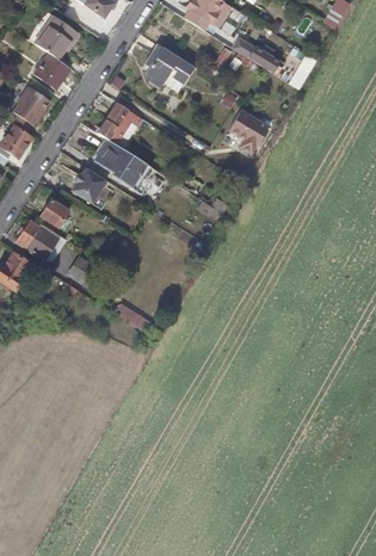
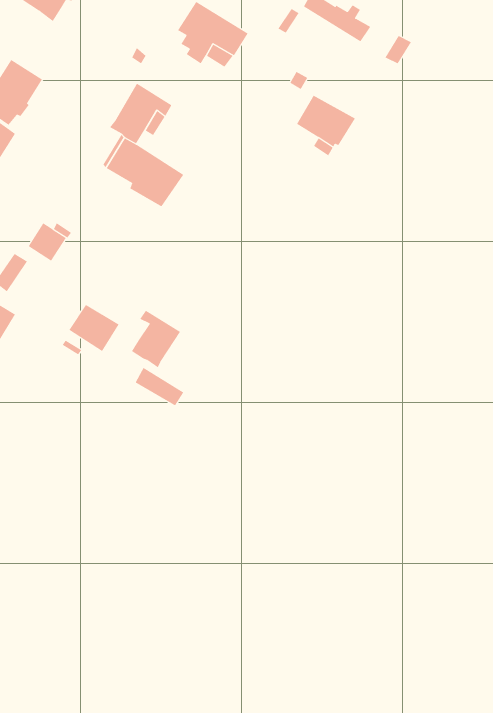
building: [32,51,69,88] -> none
building: [72,167,106,203] -> none
building: [25,224,61,260] -> none
building: none -> [131,310,181,368]

